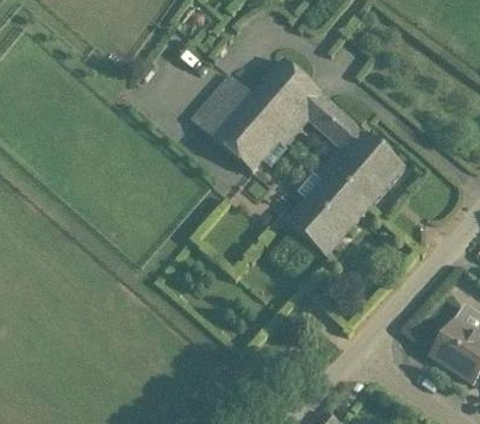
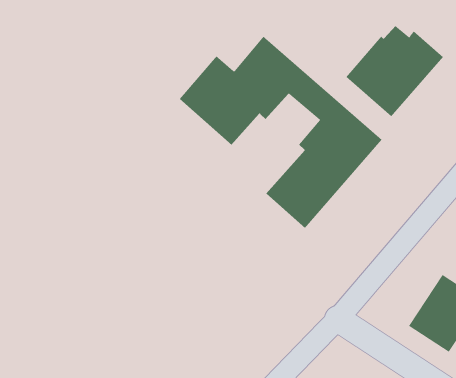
building: none -> [346,25,444,117]

